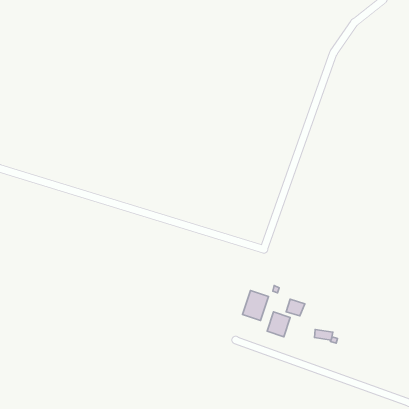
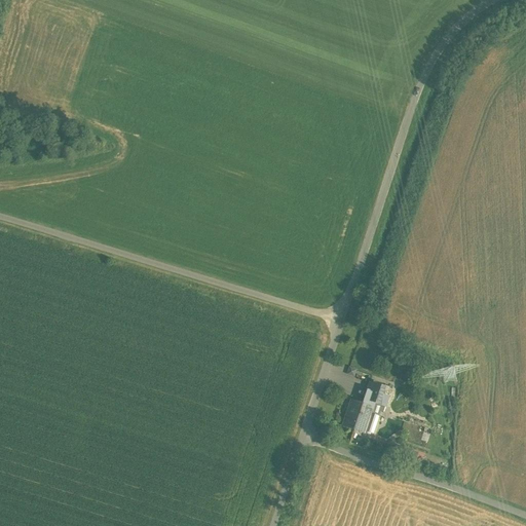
building: [242,291,269,321] -> none

